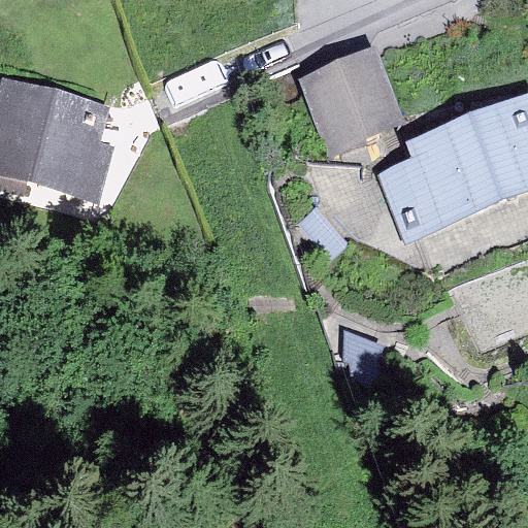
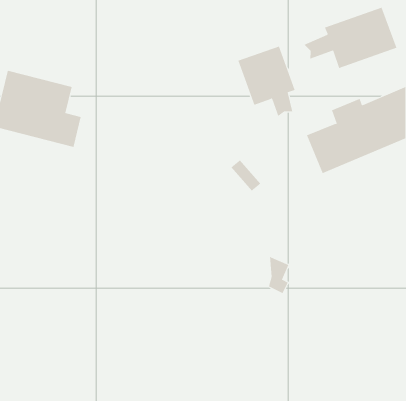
building: none -> [304,7,397,69]

